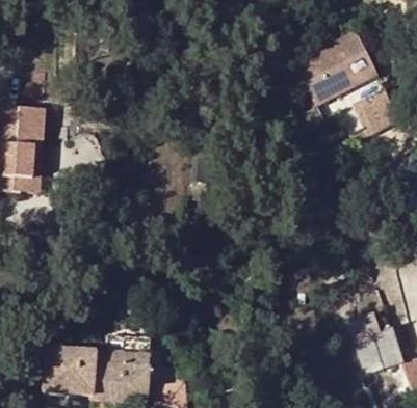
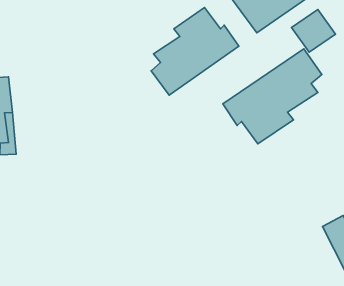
building: none -> [151,7,239,95]
building: none -> [223,49,322,144]

